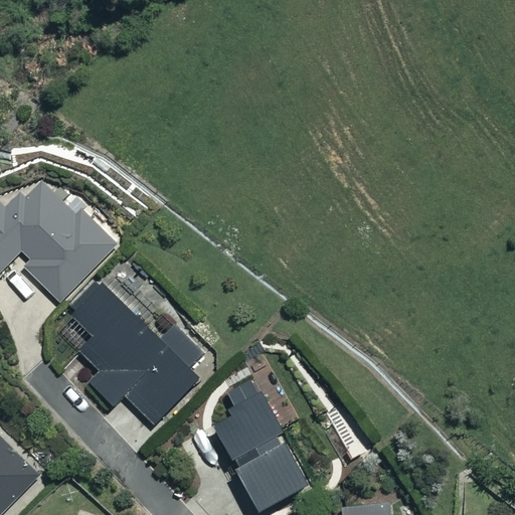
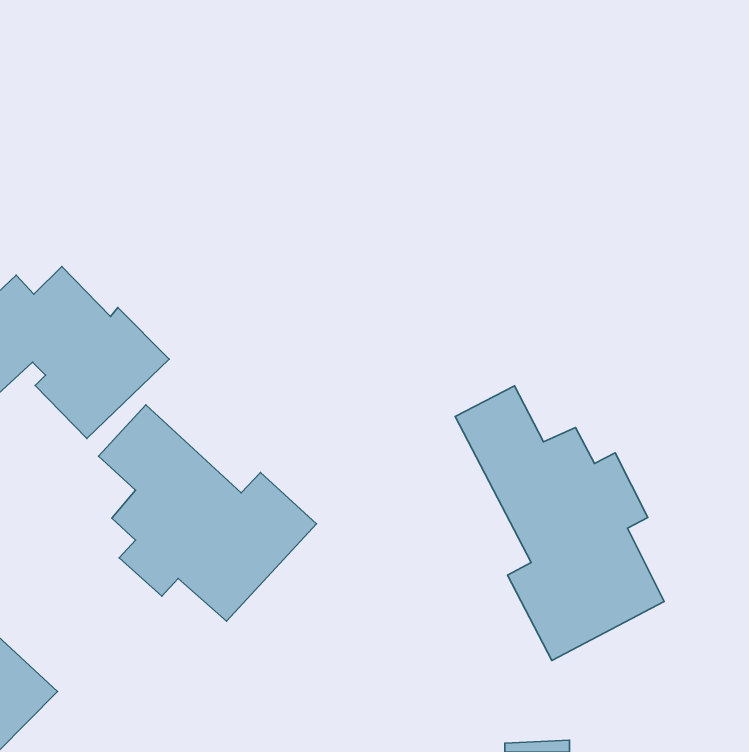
building: none -> [455,386,664,660]
building: [216,388,307,507] -> none

